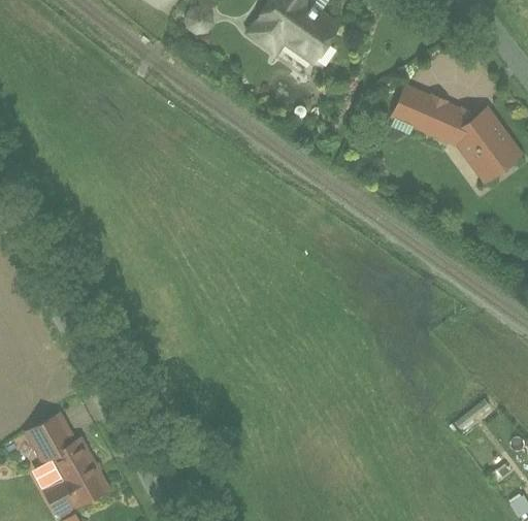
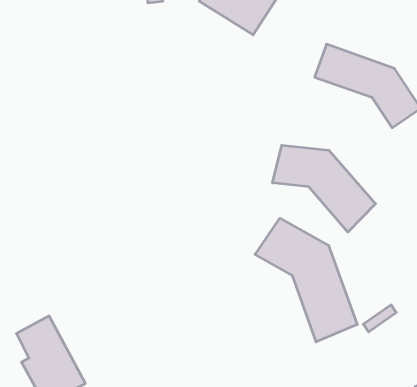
building: none -> [273,145,376,232]
building: none -> [255,218,357,342]

